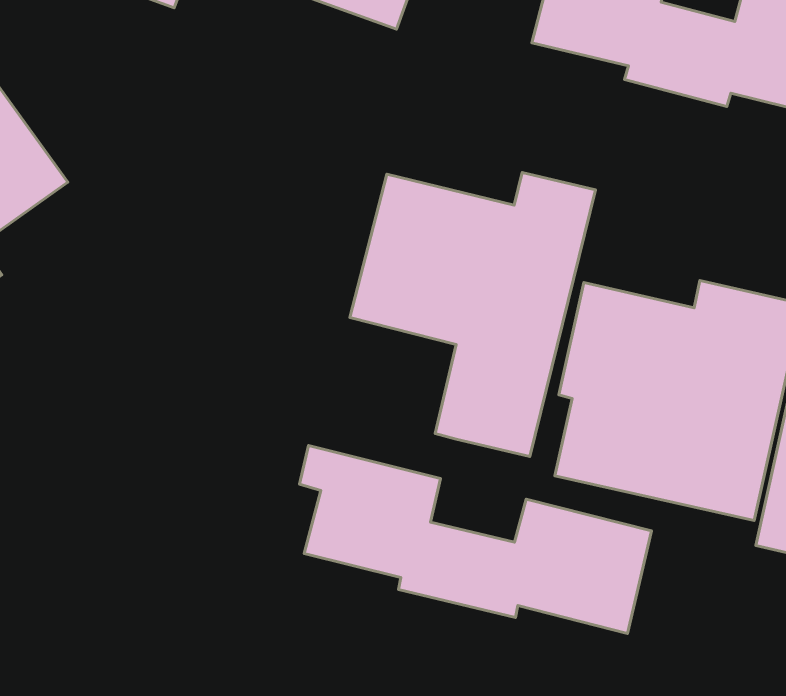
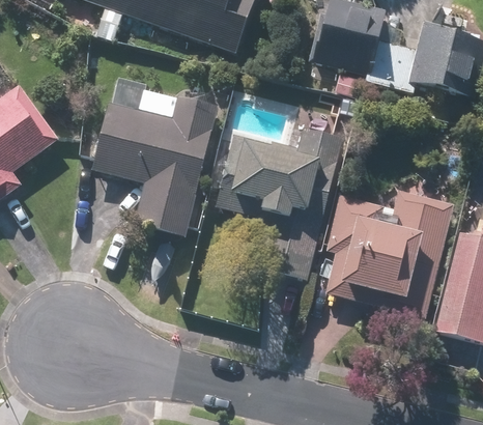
building: none -> [88,78,218,236]
building: [299,446,651,633] -> none

